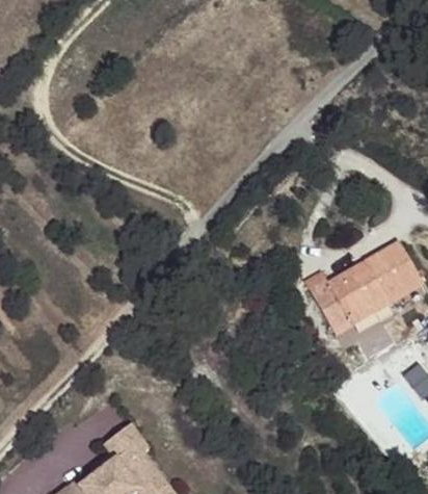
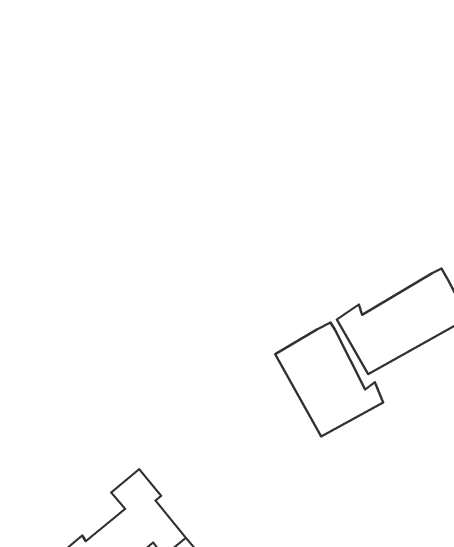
building: none -> [275,322,383,437]

